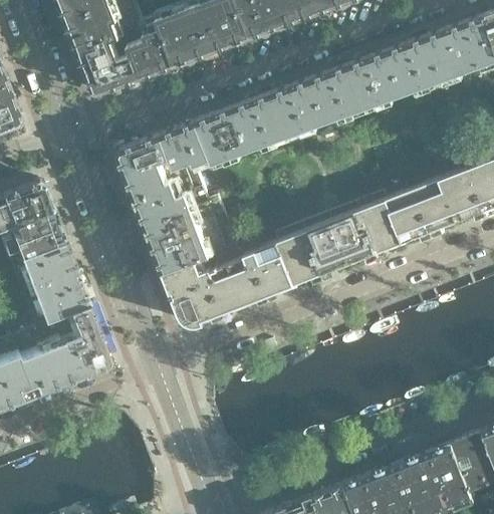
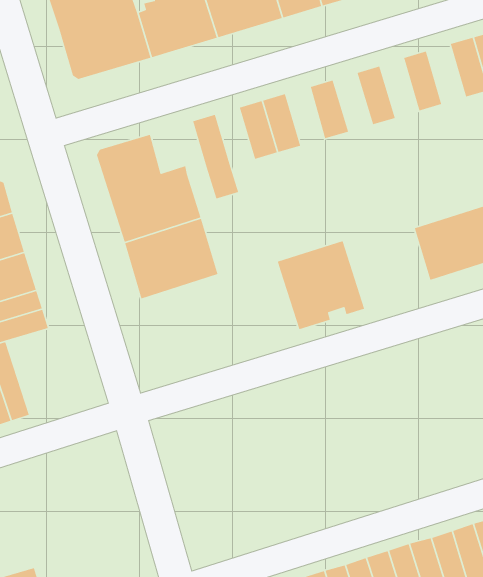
building: [388,44,423,95] -> none
building: [349,58,385,109] -> none
building: [311,73,346,123] -> none
building: [272,87,307,138] -> none
building: [215,108,250,159] -> none
building: [162,122,210,168] -> none
building: [328,193,406,270] -> none
building: [163,243,296,327] -> none
building: [52,303,108,376] -> none

